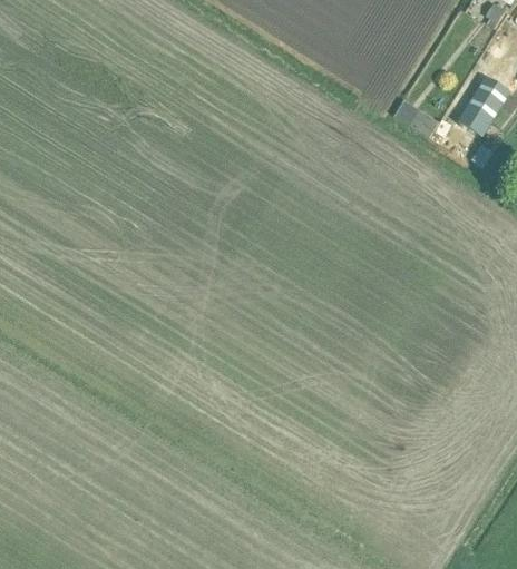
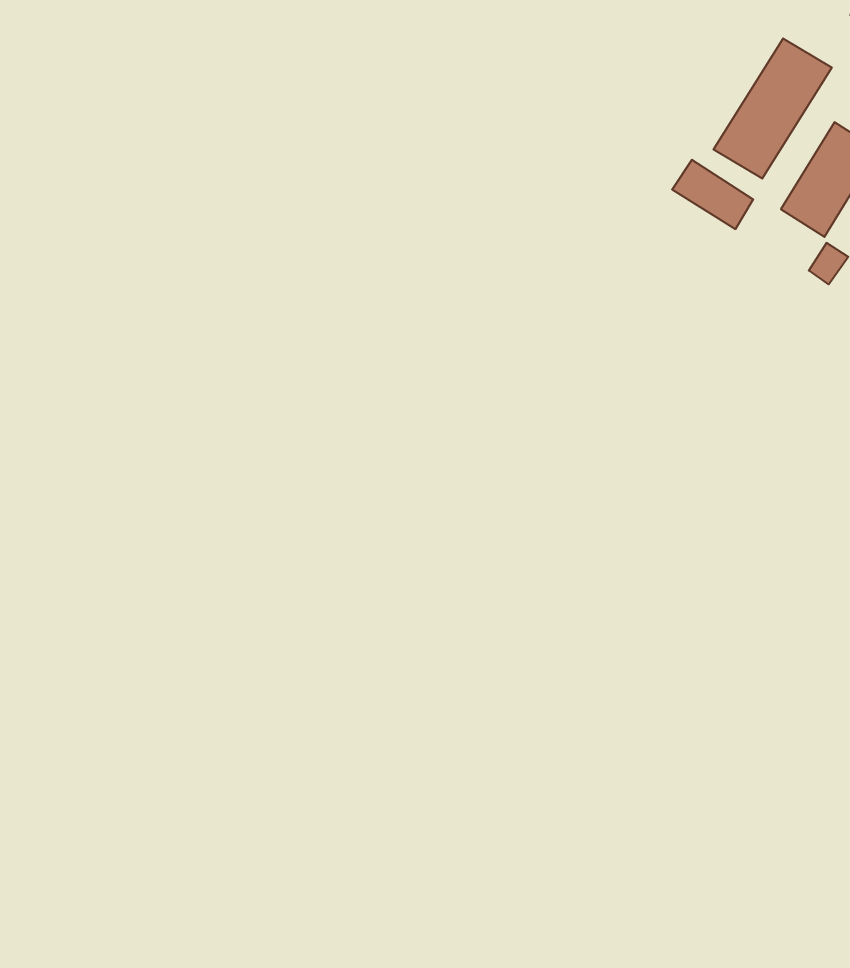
building: none -> [714,38,832,179]

